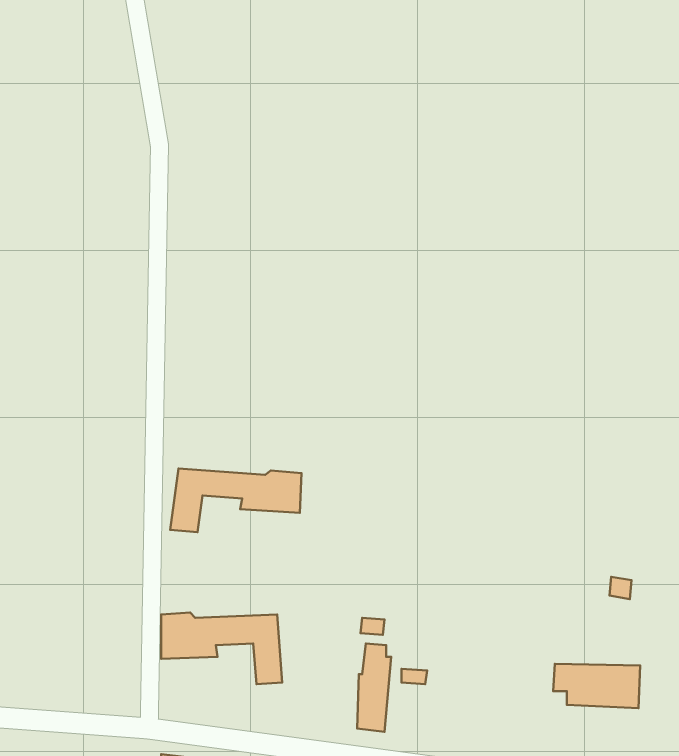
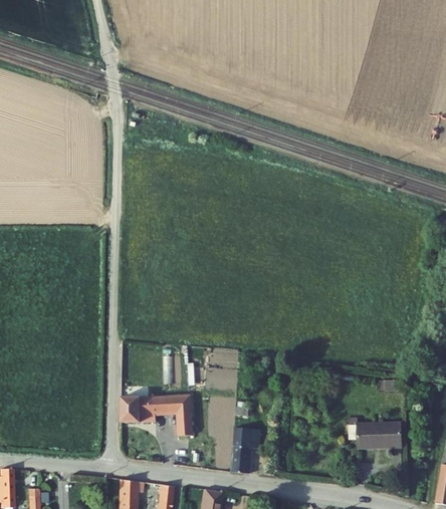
building: [170,469,301,532] -> none

